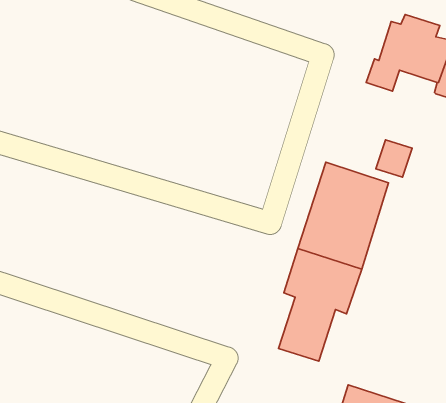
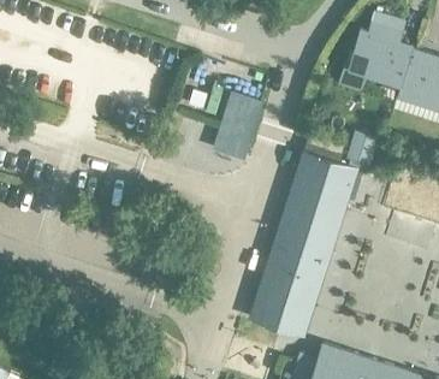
building: none -> [213,91,263,159]

